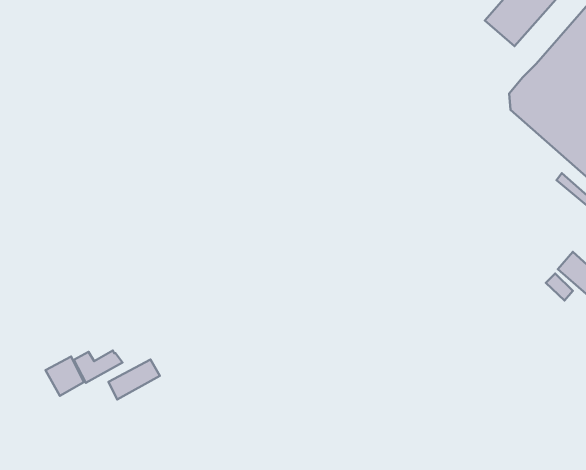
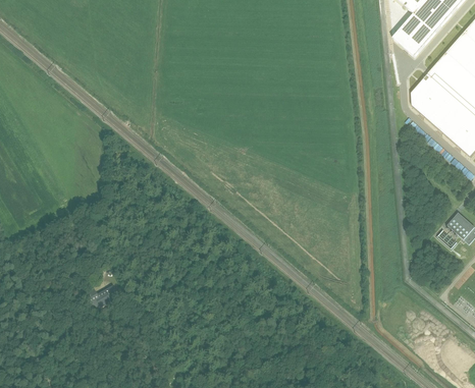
building: [45,356,84,396] -> none
building: [109,359,160,400] -> none

